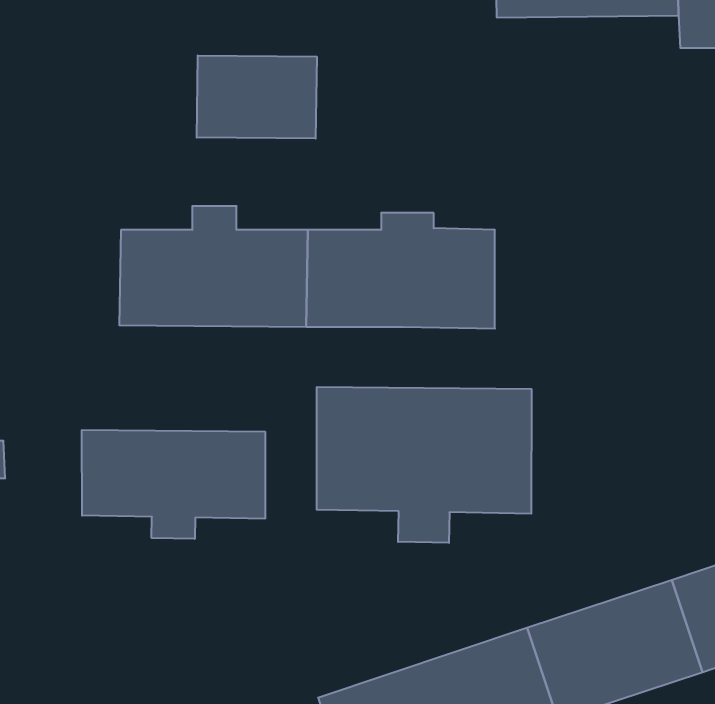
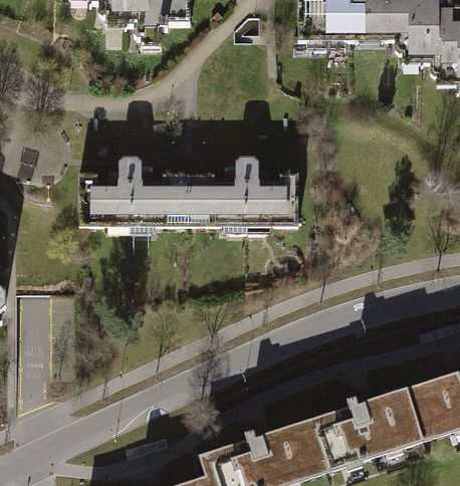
building: [197,55,317,139] -> none
building: [317,387,531,543] -> none
building: [82,430,265,539] -> none

